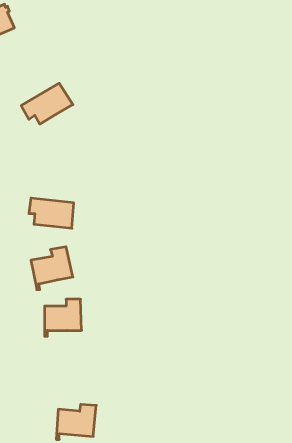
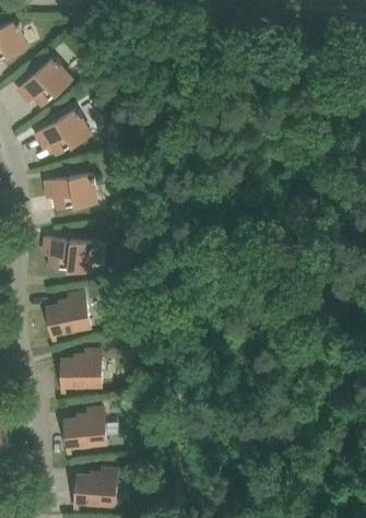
building: none -> [15,56,71,106]
building: none -> [43,173,96,208]
building: none -> [62,408,106,454]

